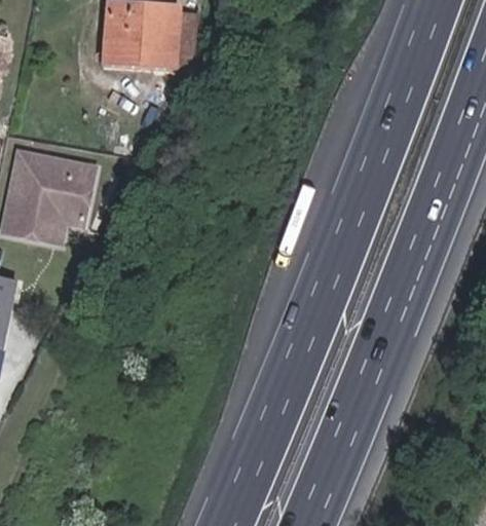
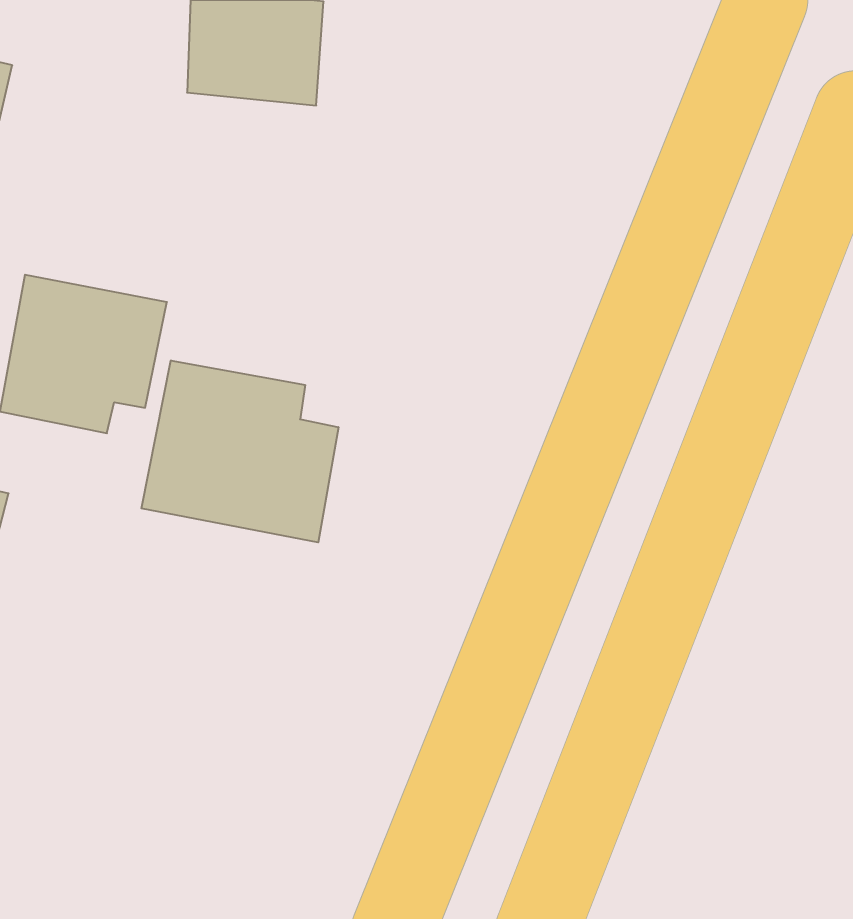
building: none -> [141,360,338,542]

